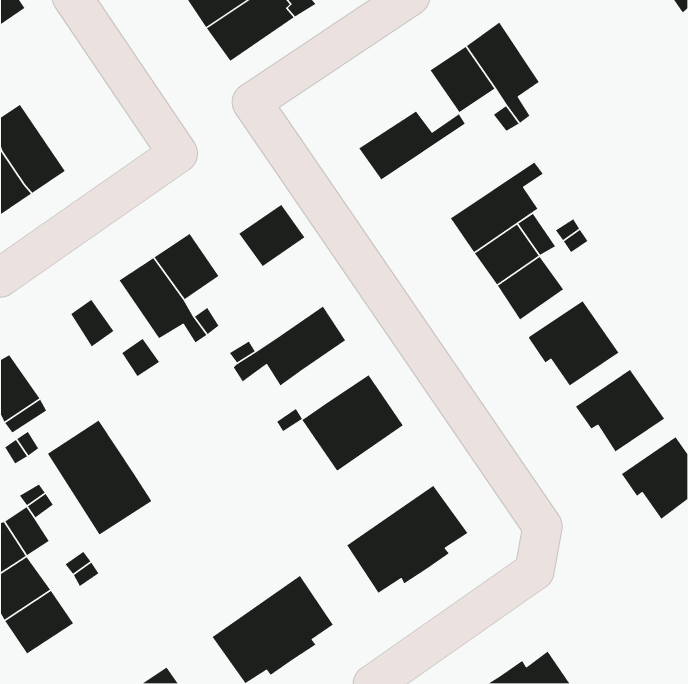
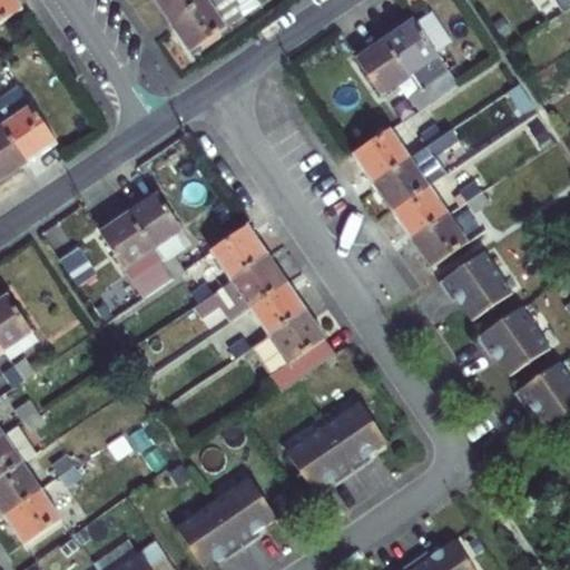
building: [358,110,466,180] -> [353,122,442,180]
building: [238,204,306,267] -> [212,225,267,277]
building: none -> [250,282,305,334]
building: [47,420,152,535] -> none

